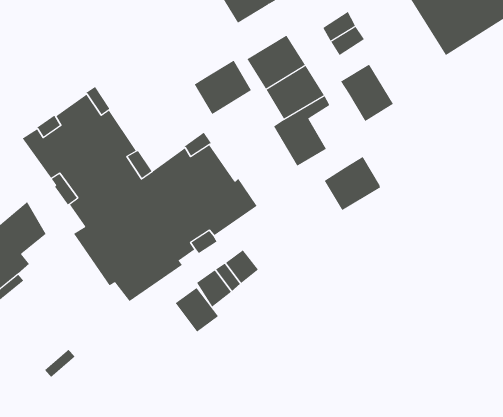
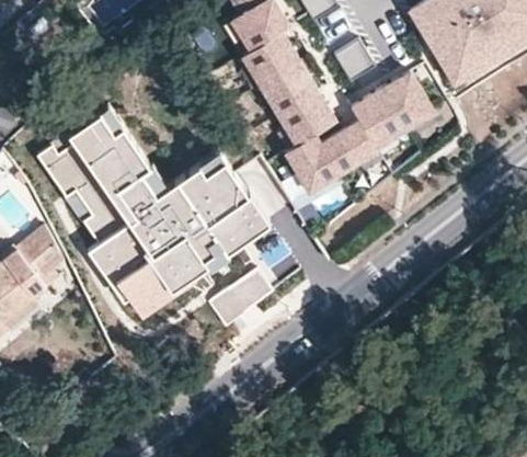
building: none -> [380,70,434,128]
building: [194,60,252,115] -> [242,31,299,84]
building: [324,156,381,211] -> [321,118,377,172]
building: [175,287,219,332] -> none

